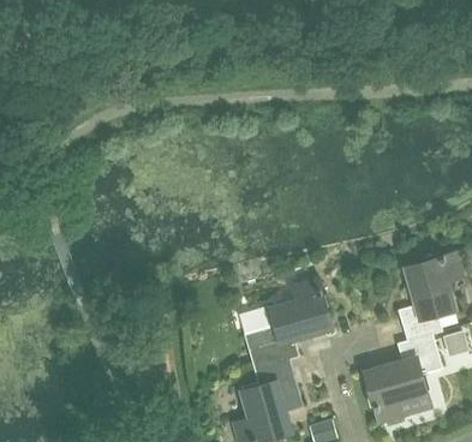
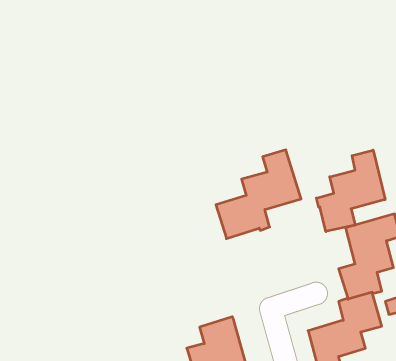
building: none -> [316,150,385,232]
building: [244,279,331,370] -> [216,150,301,239]

